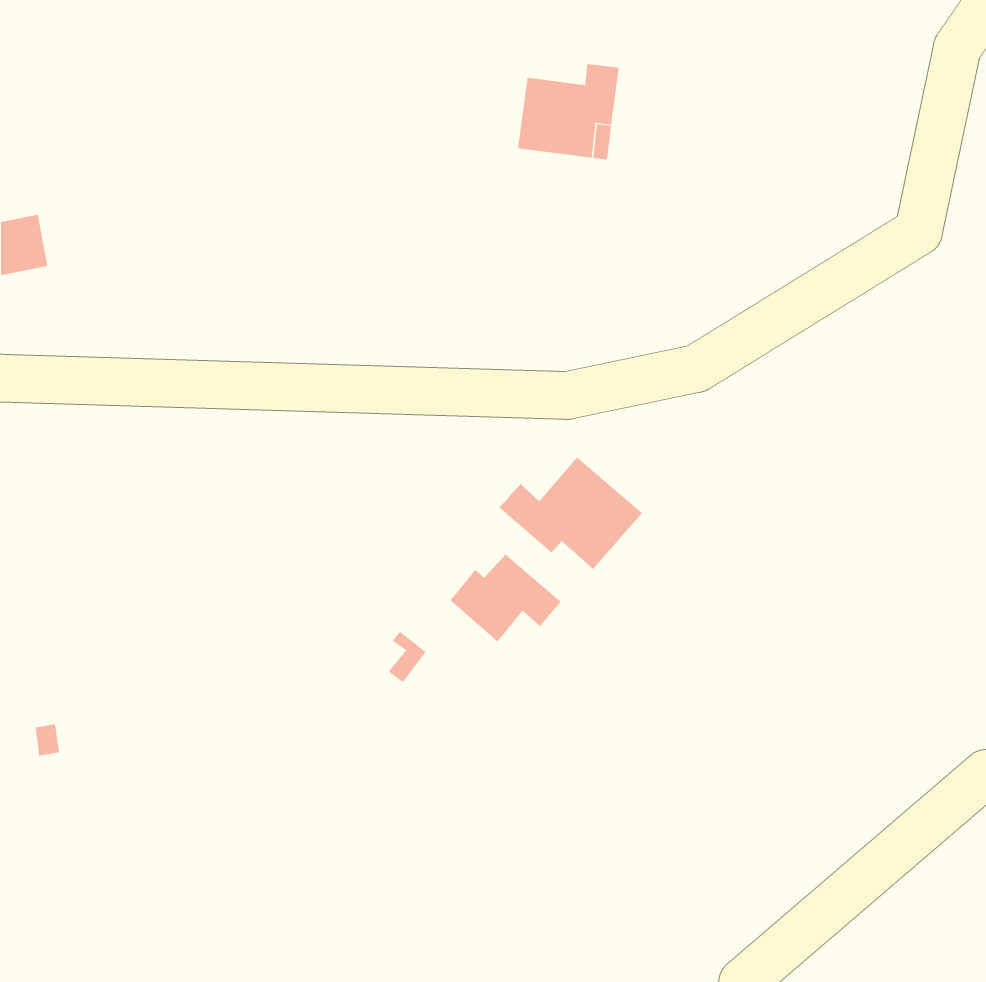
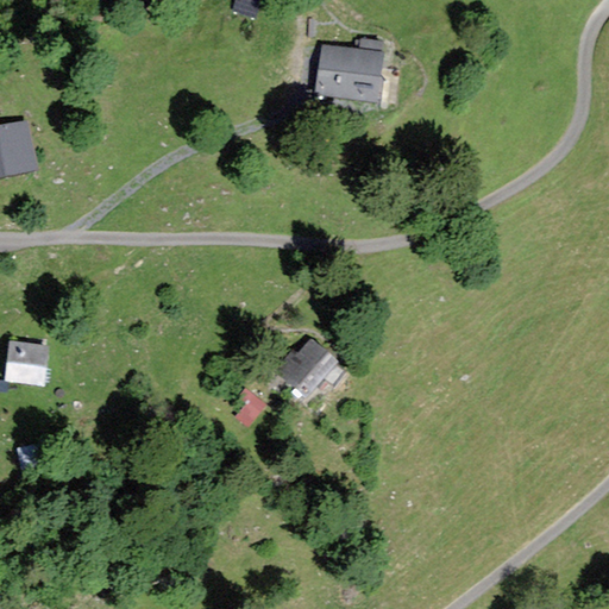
building: [499,456,643,570] -> none
building: none -> [8,344,48,383]

